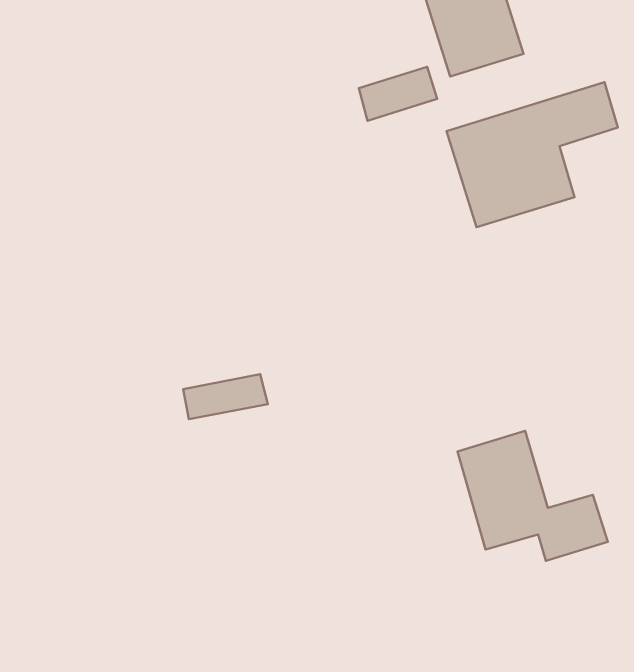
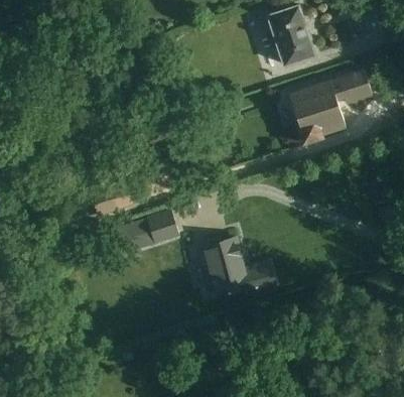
building: [359,67,437,121] -> none
building: [457,431,608,561] -> [195,229,276,298]

